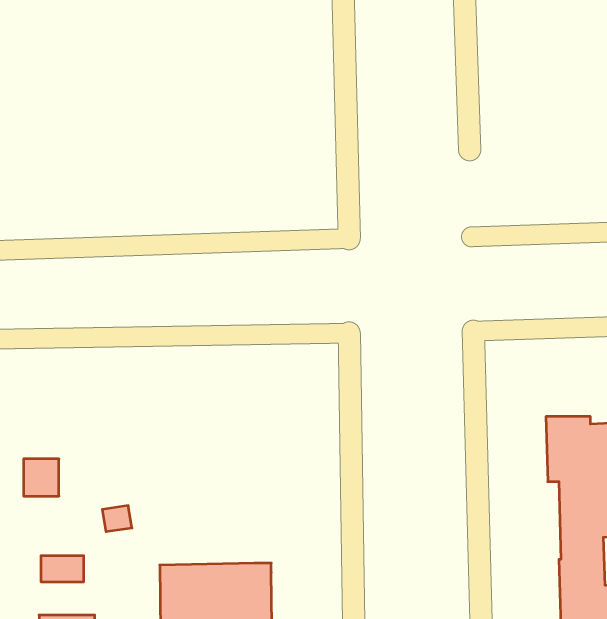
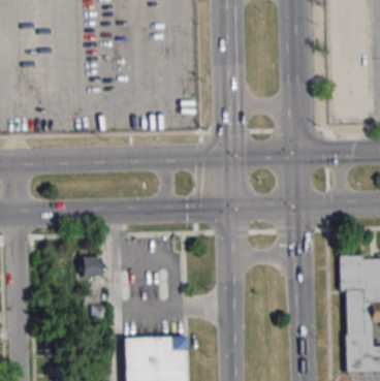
building: [24,459,59,496] -> [81,255,100,276]

